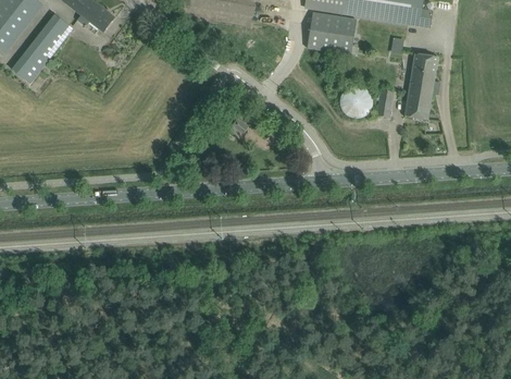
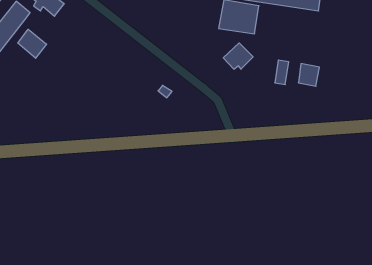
building: none -> [18,29,47,58]
building: [408,51,437,95] -> none
building: [338,84,375,117] -> [223,43,253,69]

